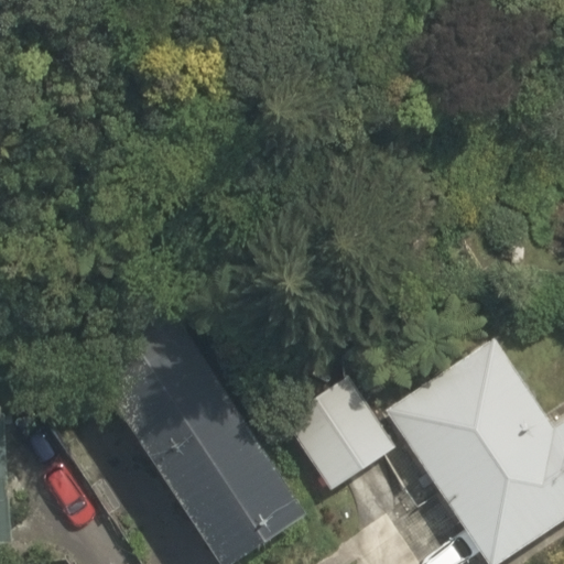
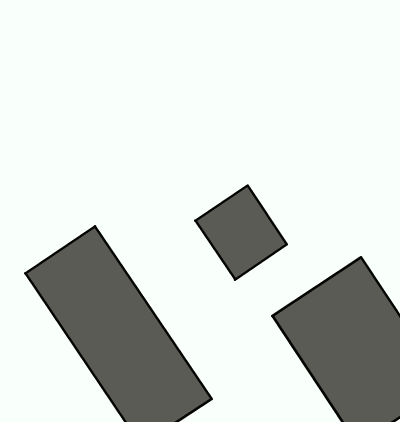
building: [282,378,393,492] -> [195,186,287,280]

